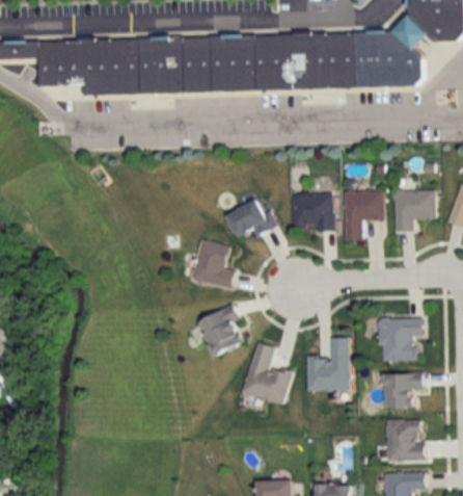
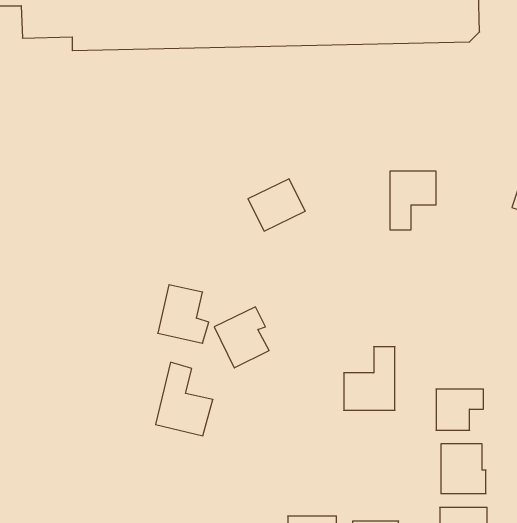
building: [393,191,434,232] -> none
building: [292,194,333,232] -> none
building: [192,240,235,289] -> [158,285,209,343]
building: [379,319,421,362] -> none
building: [244,343,292,404] -> [156,362,213,436]

